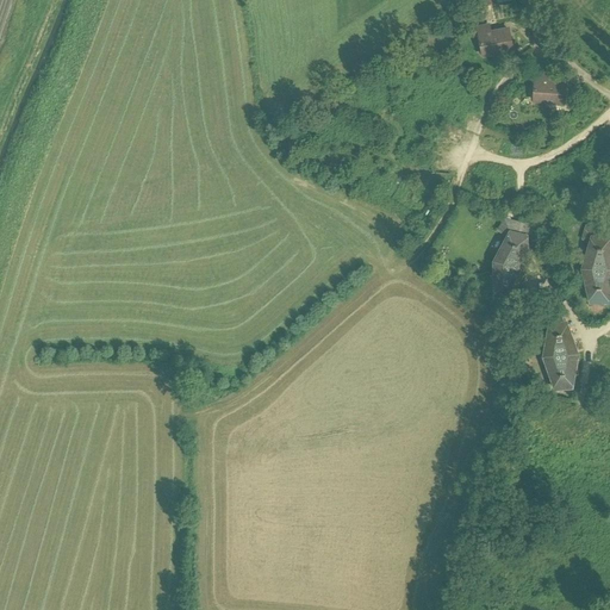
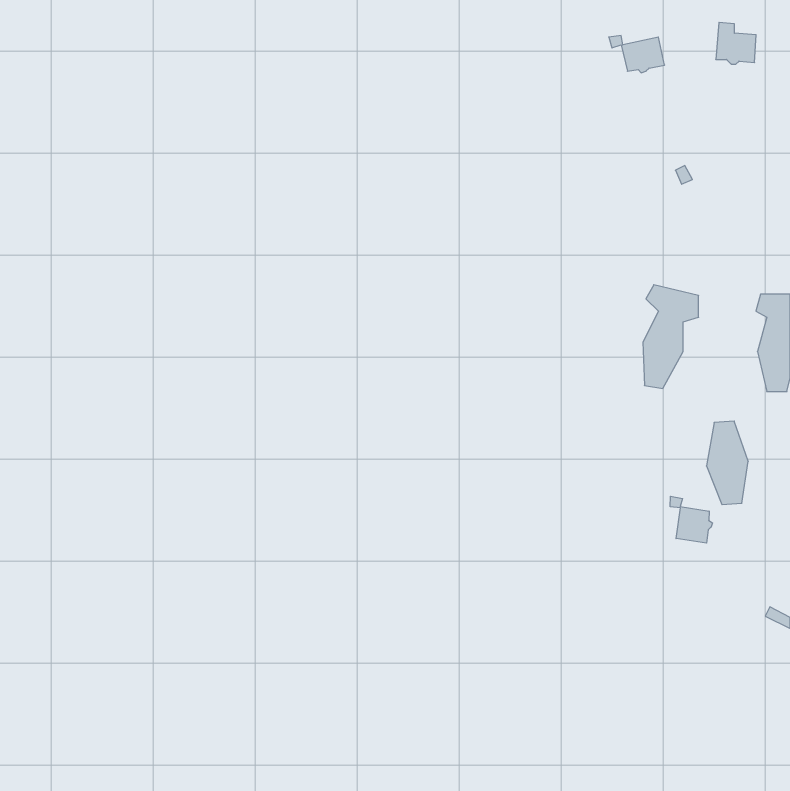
building: [533,73,564,105] -> [716,22,756,64]
building: none -> [670,496,712,543]

